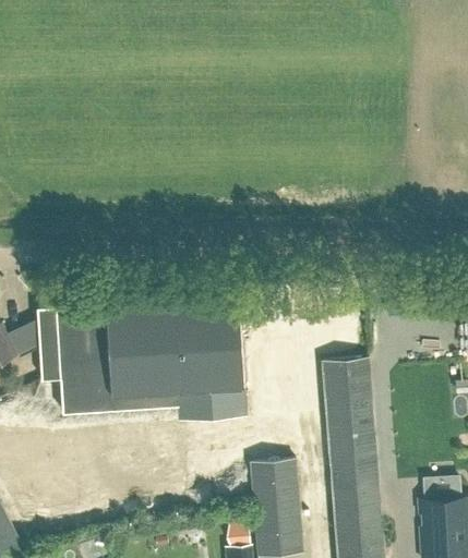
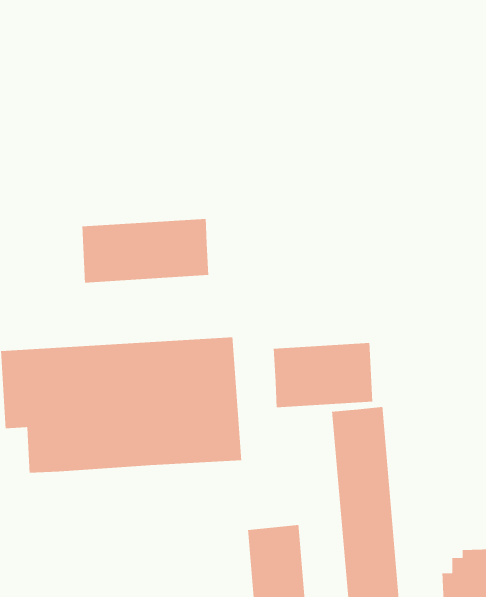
building: none -> [82,218,209,283]
building: none -> [273,342,373,408]

